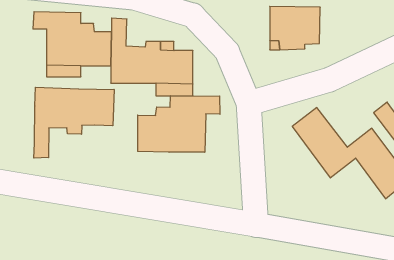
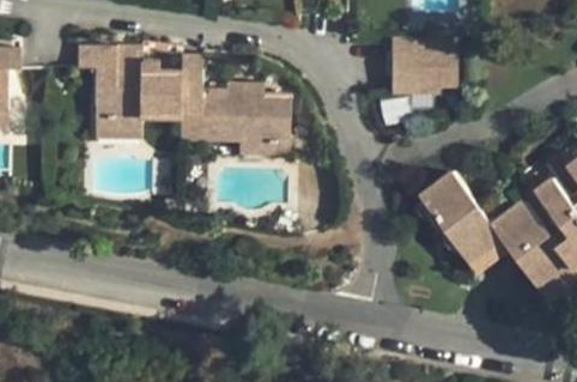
building: [34,87,114,158] -> none
building: [138,96,220,152] -> none

